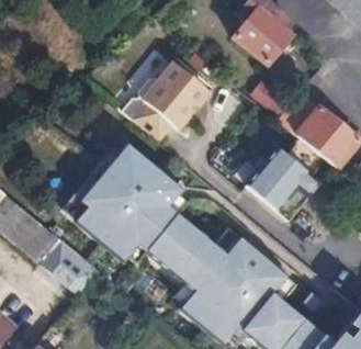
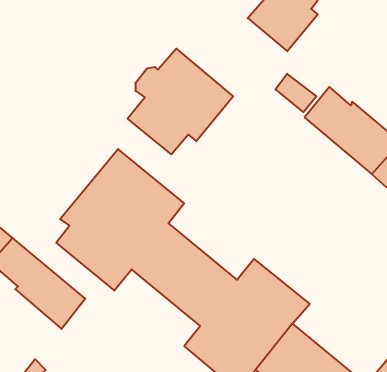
building: [247,136,326,218] -> none

